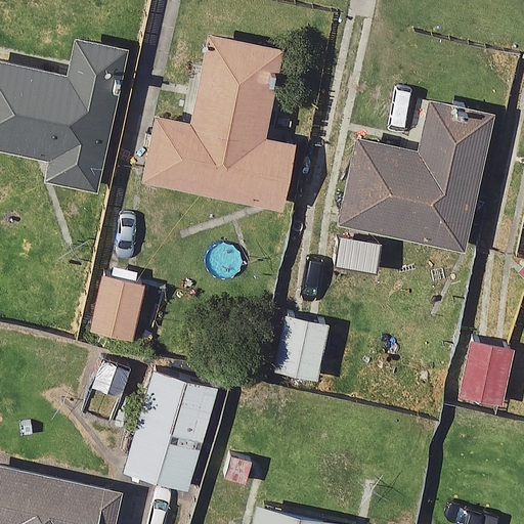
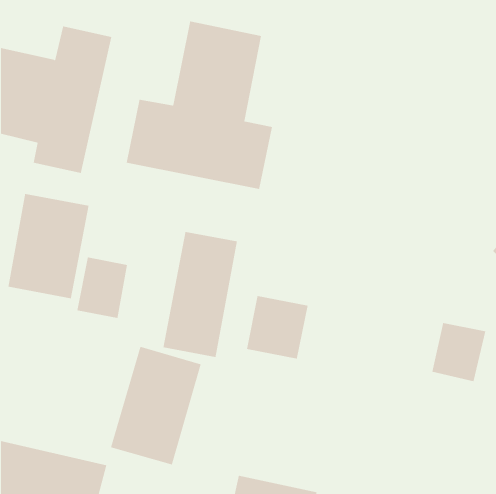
building: [341,106,492,253] -> none
building: none -> [8,193,89,299]
building: none -> [163,231,237,358]

